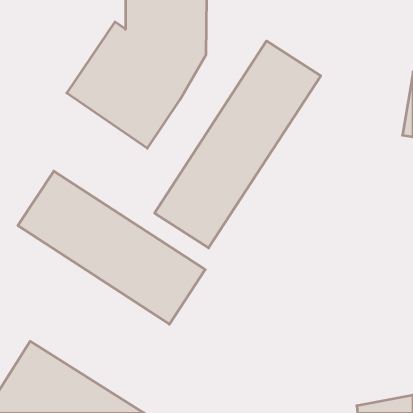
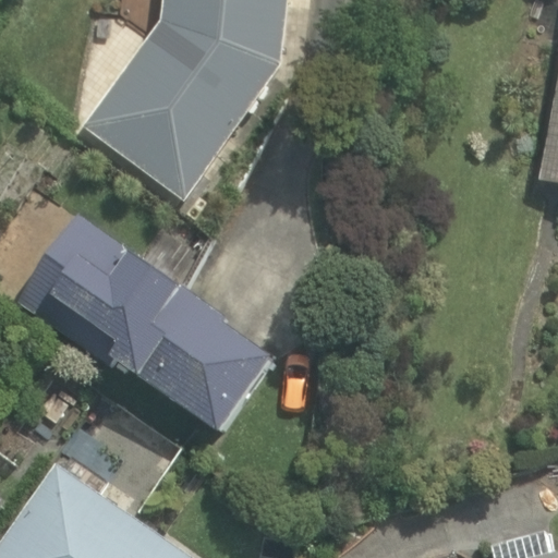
building: [155,41,321,248] -> none

